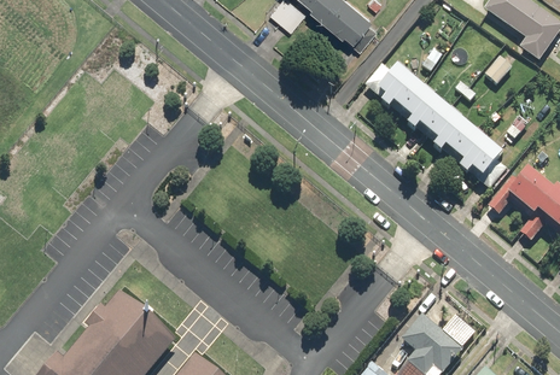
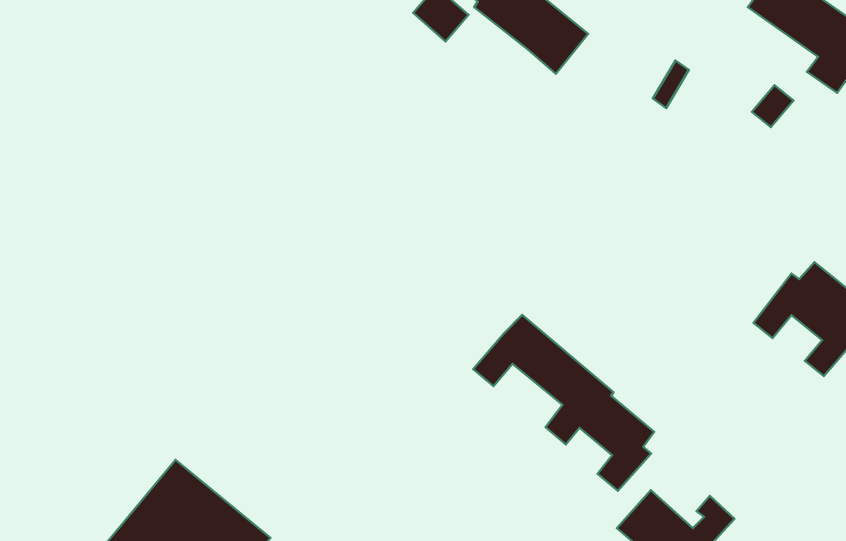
building: [363,61,506,187] -> none
building: none -> [473,315,654,491]

